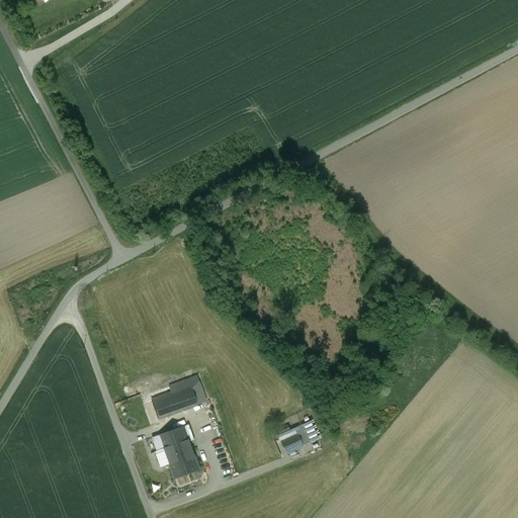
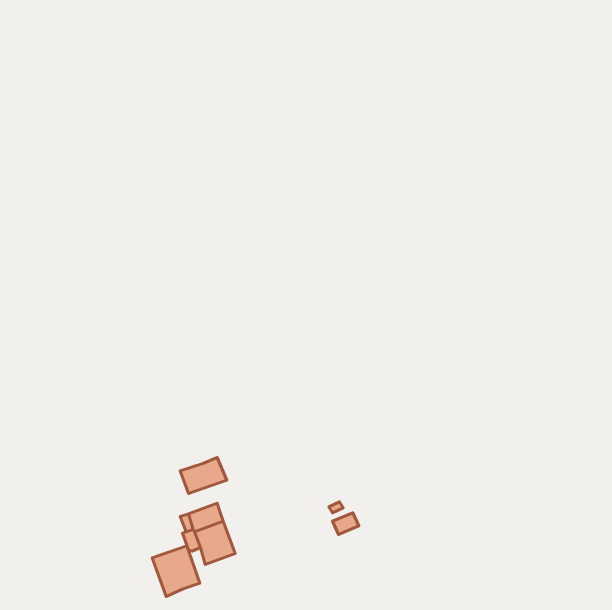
building: [170,374,205,405] -> none
building: none -> [152,546,200,596]

